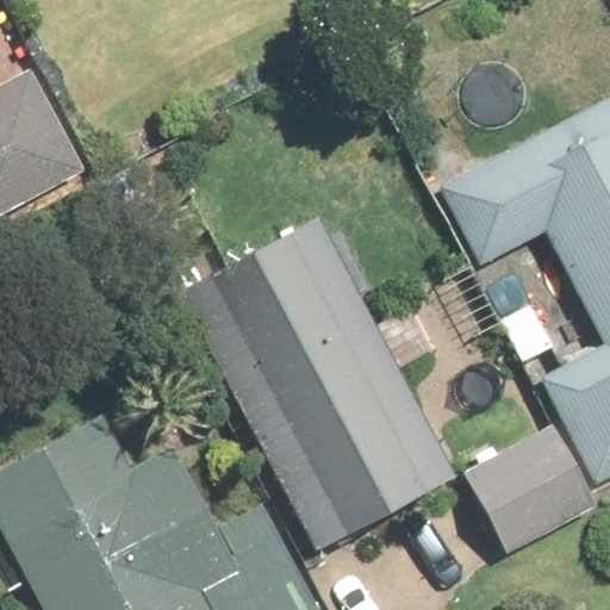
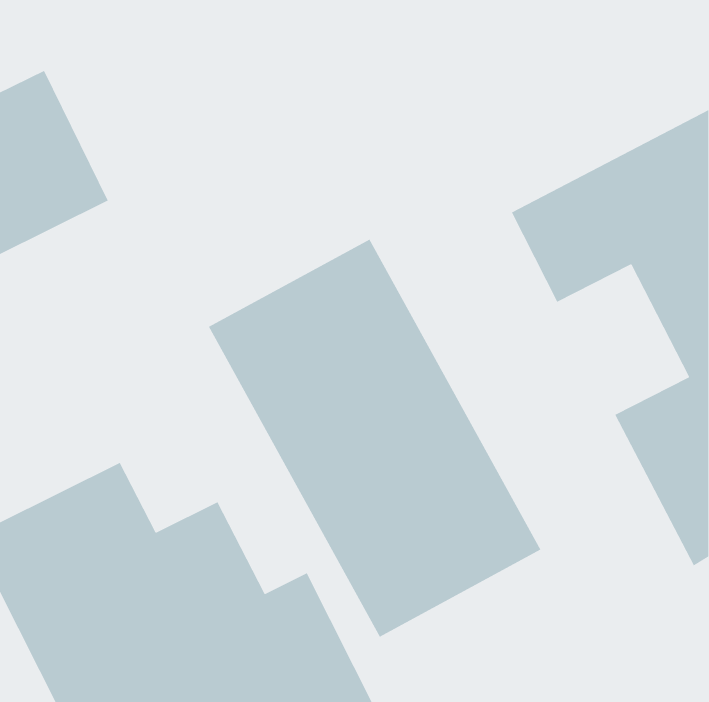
building: [469,442,592,562] -> none

